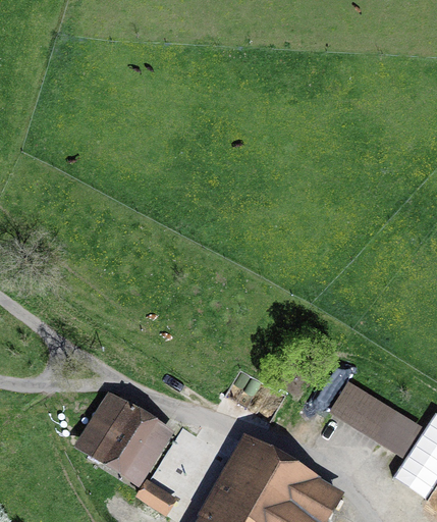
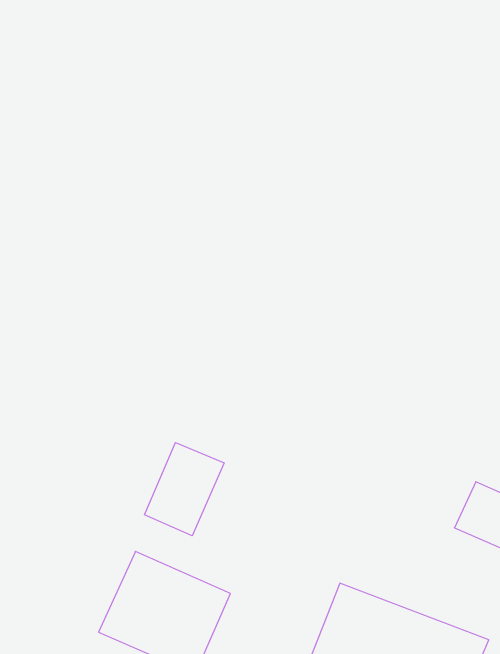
building: none -> [145,443,224,536]

